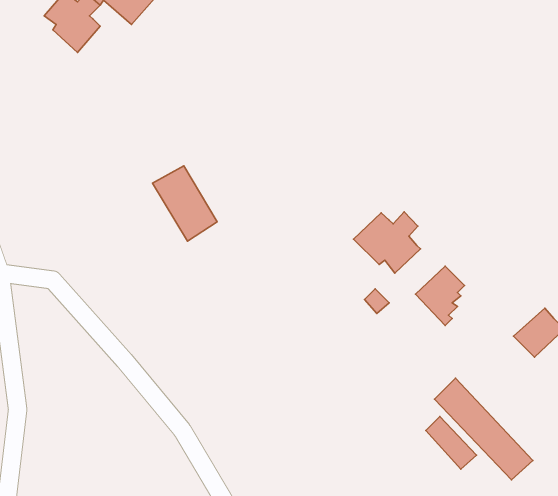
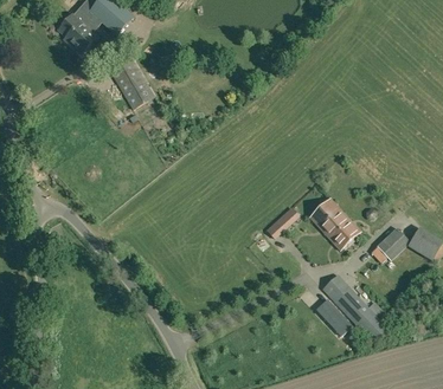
building: [152,166,217,241] -> [109,57,153,108]
building: [354,212,421,273] -> none
building: none -> [329,210,360,248]

